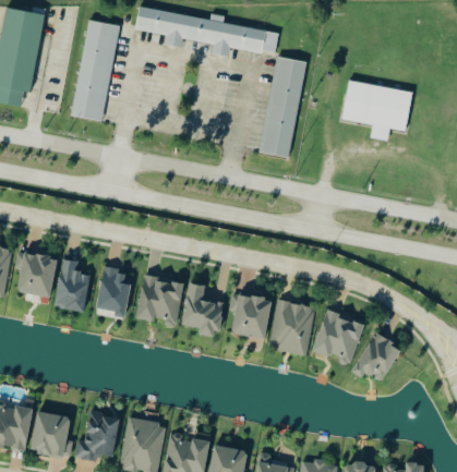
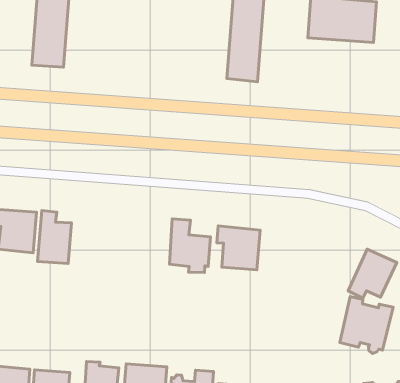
building: [96,265,132,318] -> none
building: [135,273,185,327] -> none
building: [267,299,316,356] -> none
building: [312,308,368,366] -> [340,296,393,353]

